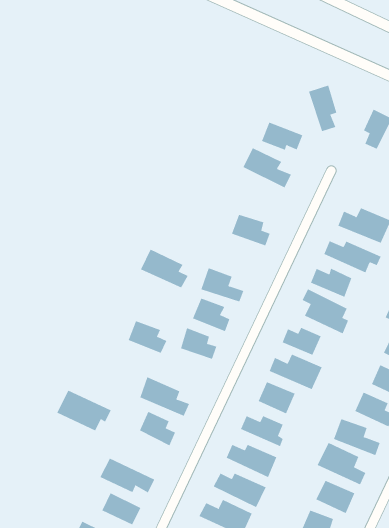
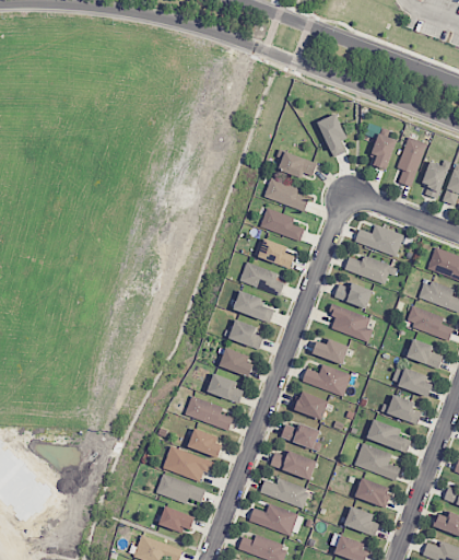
building: none -> [260,208,305,242]
building: [140,249,189,288] -> [239,261,284,295]
building: [128,321,167,354] -> [208,374,244,402]
building: [56,390,111,431] -> [163,446,213,482]

